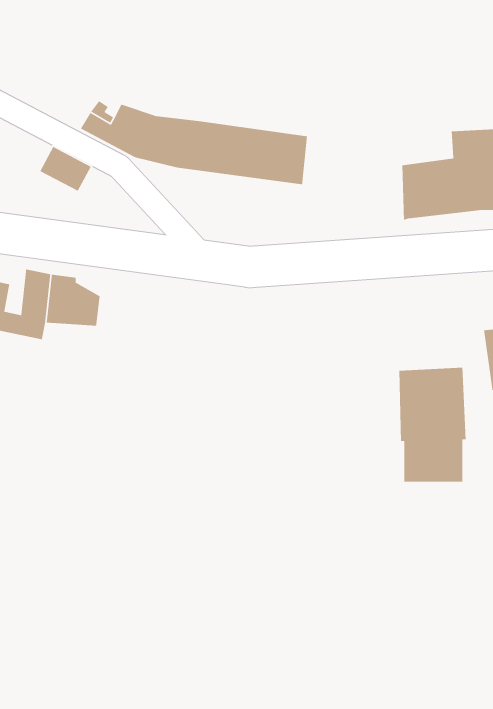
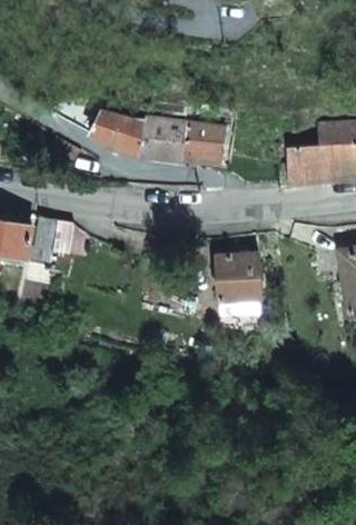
building: [398,367,467,483] -> [214,251,258,327]

